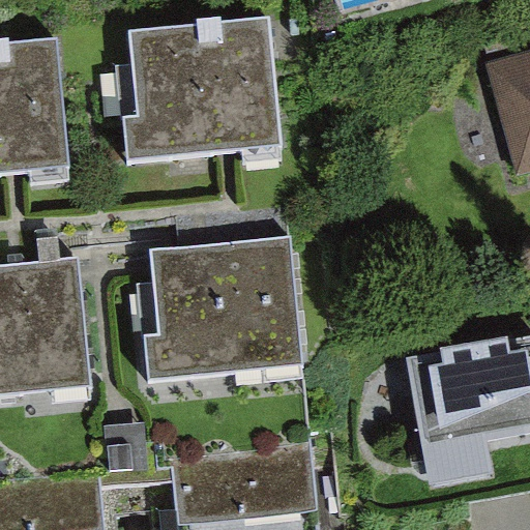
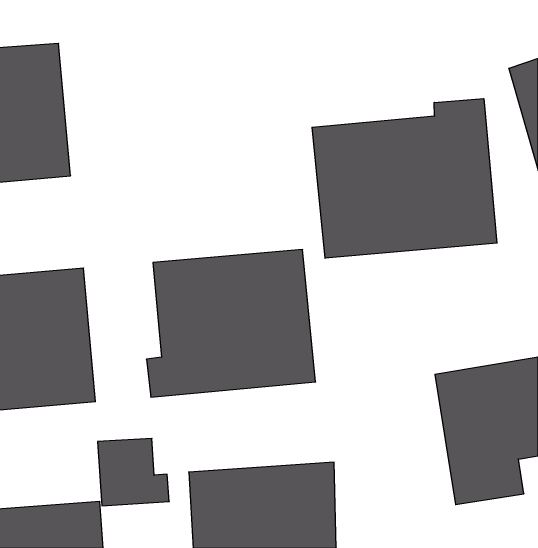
building: [121,22,282,163] -> none
building: none -> [312,99,497,258]

